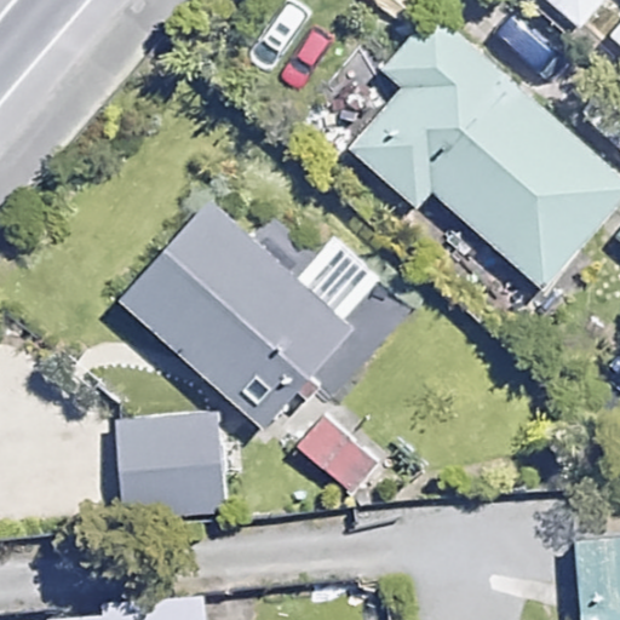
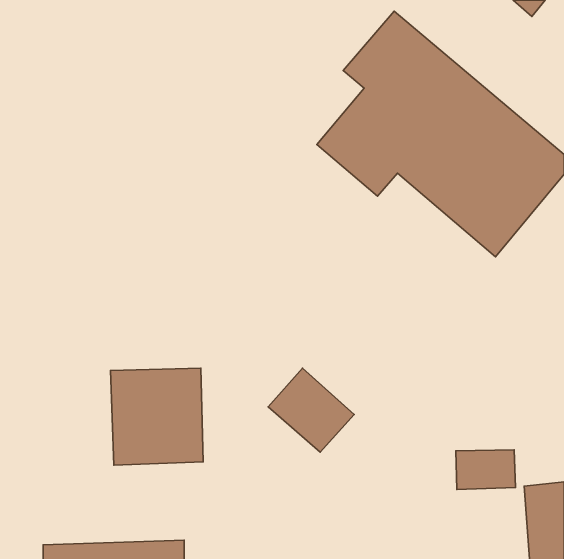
building: [128,211,352,427] -> none

